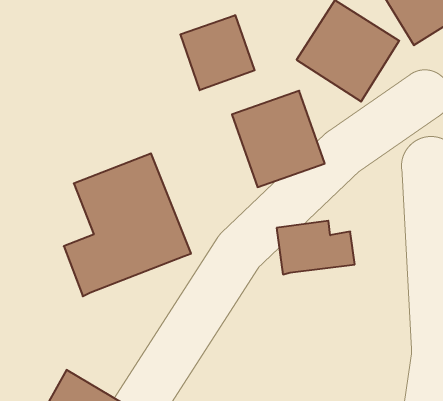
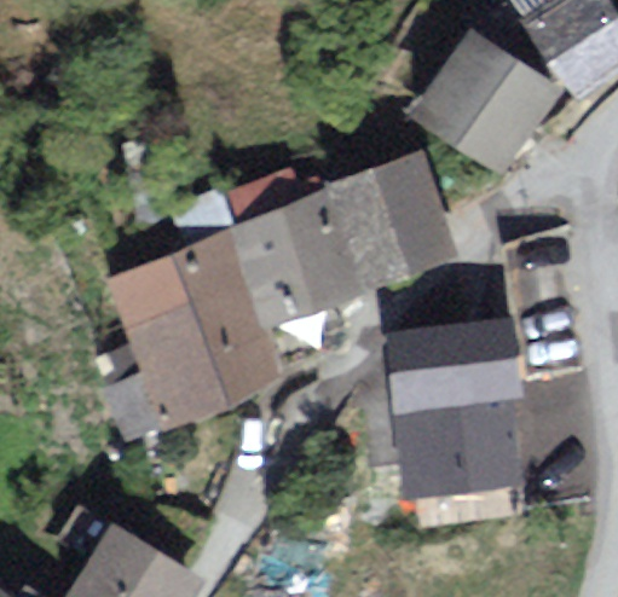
building: [180,15,255,90] -> none
building: none -> [235,197,354,323]
building: none -> [408,387,504,469]

